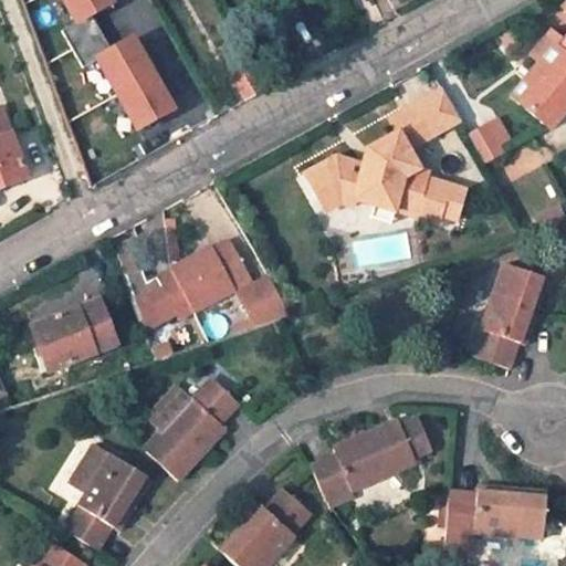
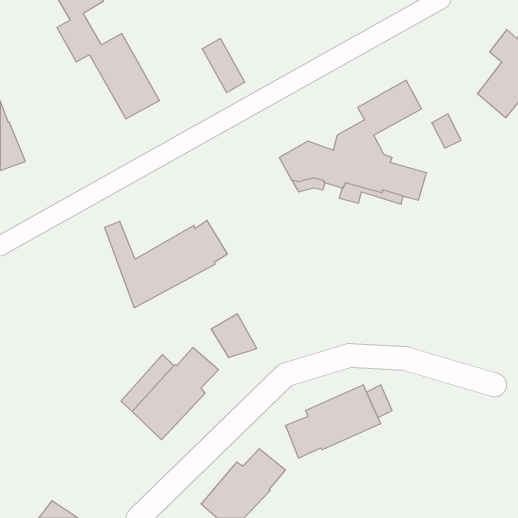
building: [475,263,548,367] -> none
building: [238,277,287,325] -> [211,314,257,358]
building: [33,300,116,369] -> none
building: [67,442,149,549] -> none
building: [449,485,548,537] -> none

